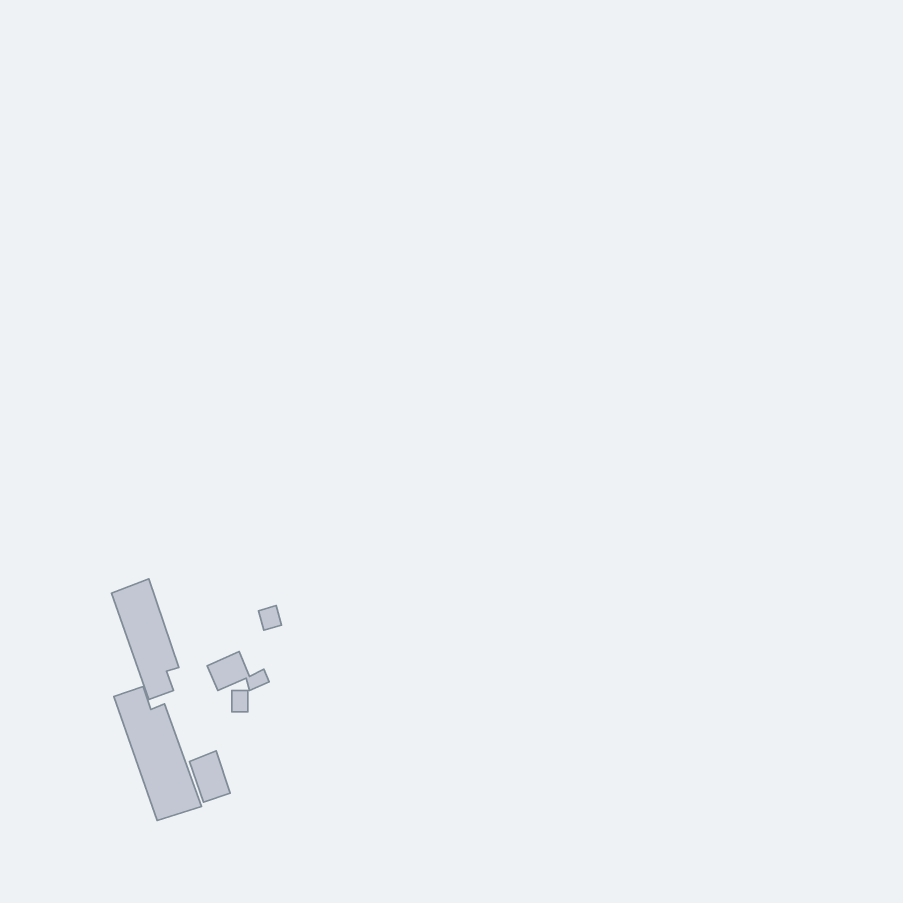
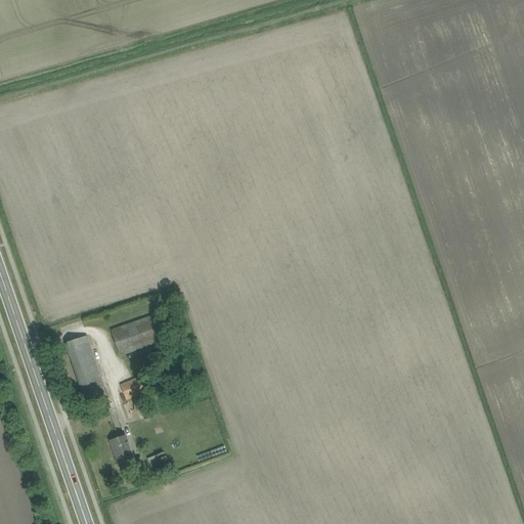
building: none -> [111,313,166,354]
building: [114,687,202,821] -> none

